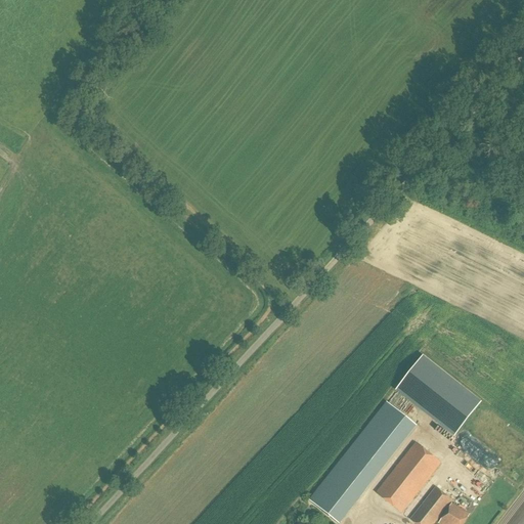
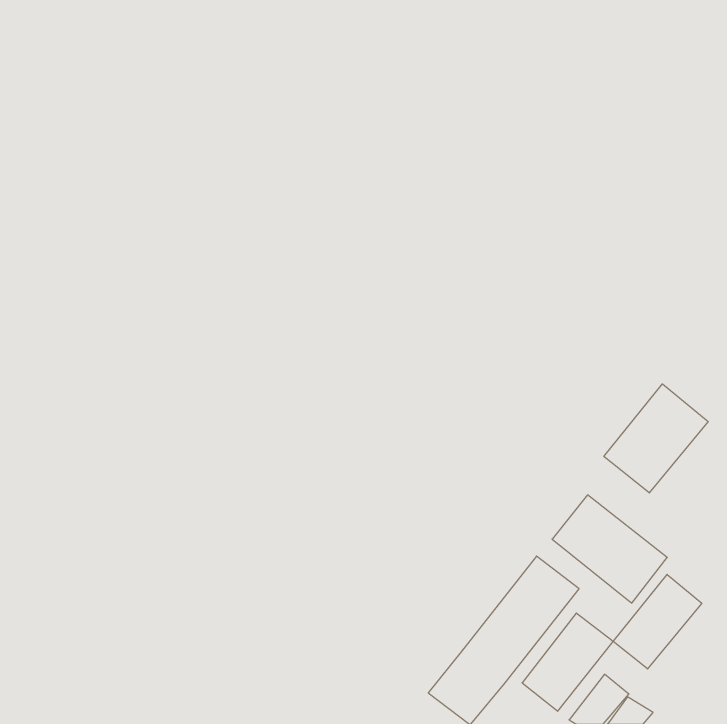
building: none -> [604,384,708,493]
building: none -> [613,574,702,669]

